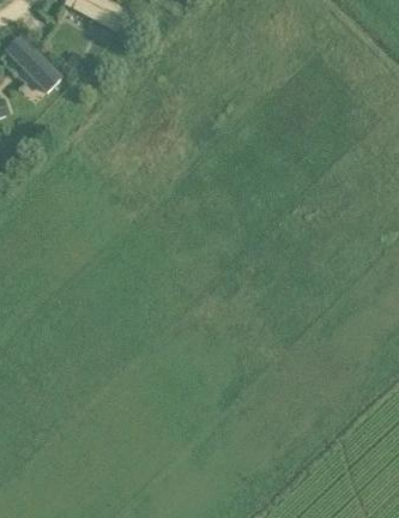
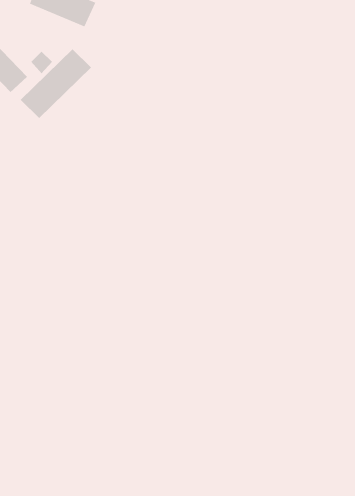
building: none -> [20,49,92,119]

